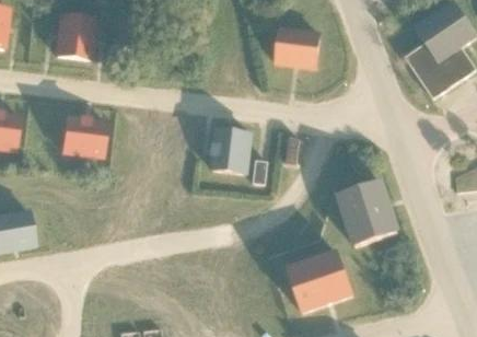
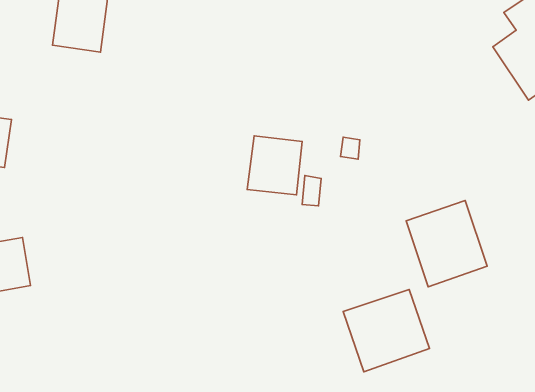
building: [274,24,321,68] -> none
building: [60,114,107,156] -> none

